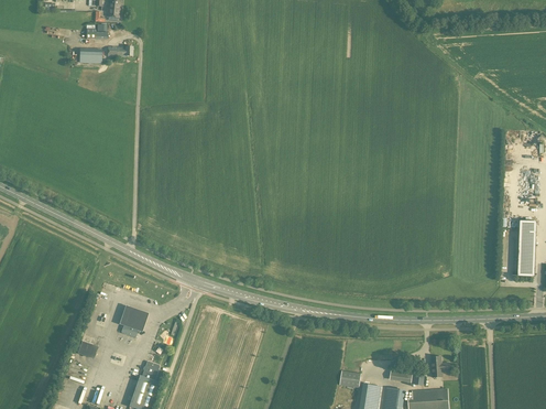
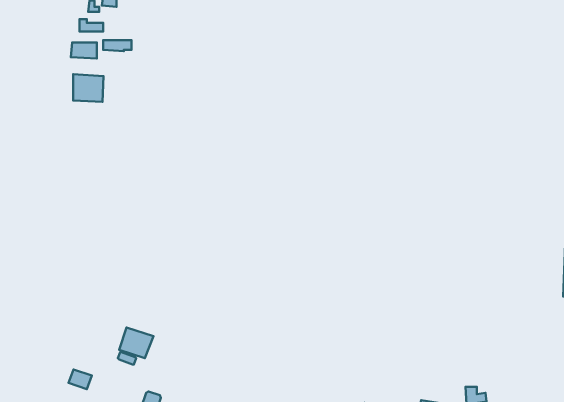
building: none -> [73,74,104,102]

